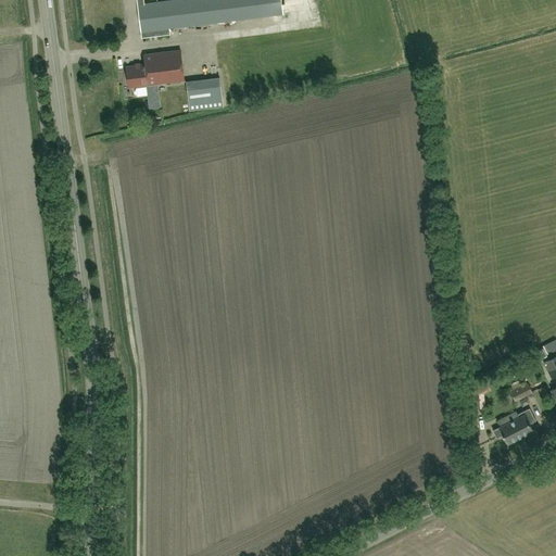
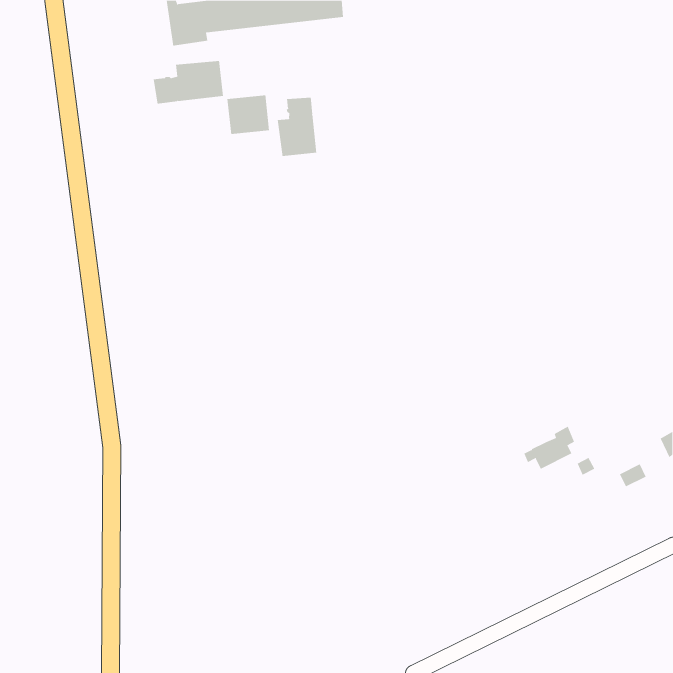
building: none -> [277,97,317,157]
building: [493,407,535,443] -> [523,426,575,469]

